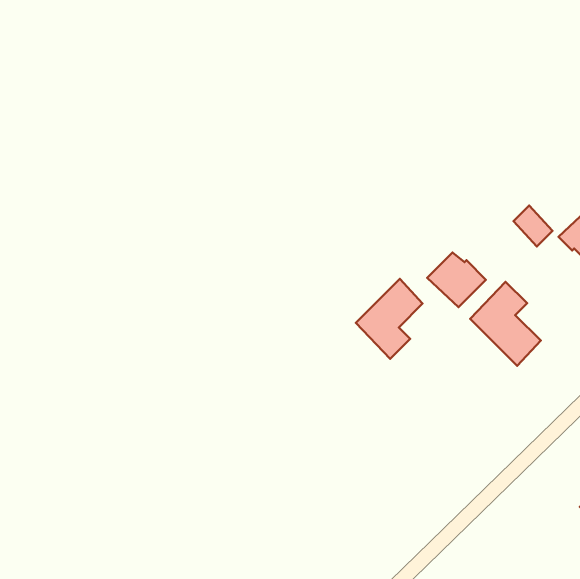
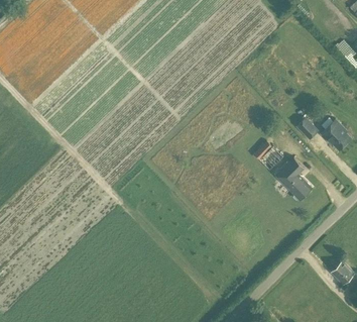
building: [356,279,423,359] -> none

